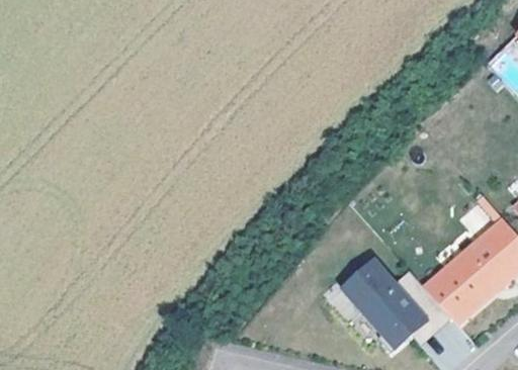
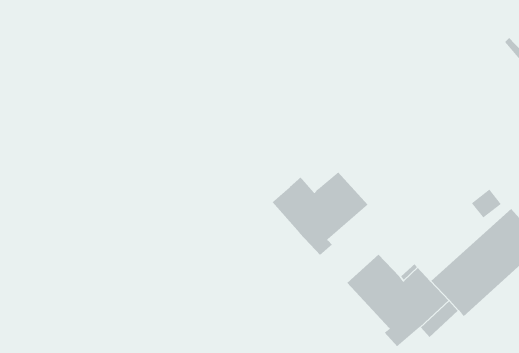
building: none -> [271,171,368,256]

